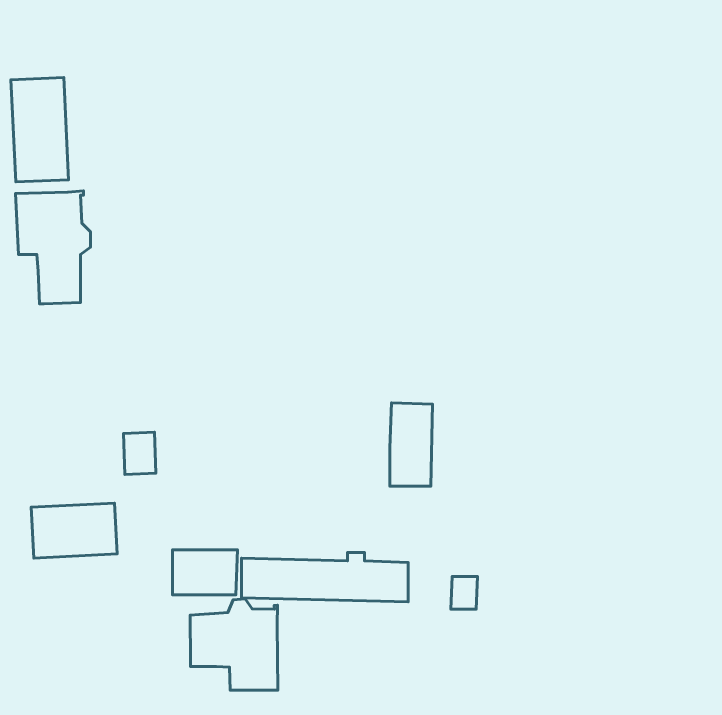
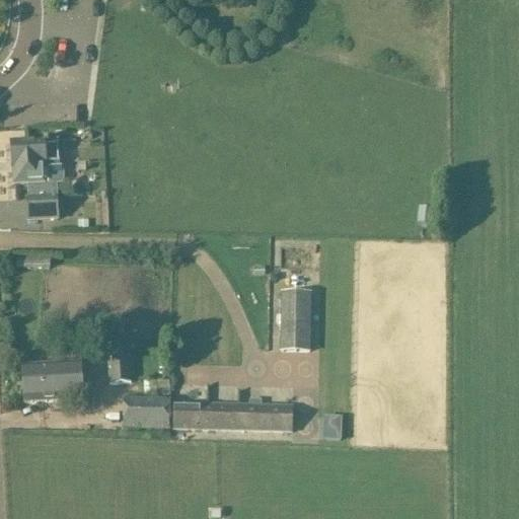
building: [11,78,69,182] -> none
building: [123,432,156,475] -> [108,351,132,381]
building: [190,599,278,690] -> none

